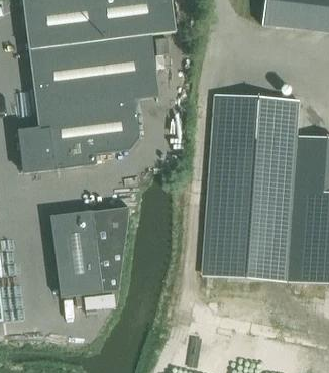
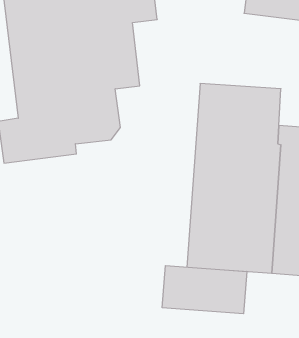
building: [49,205,129,296] -> none
building: none -> [162,266,247,314]

